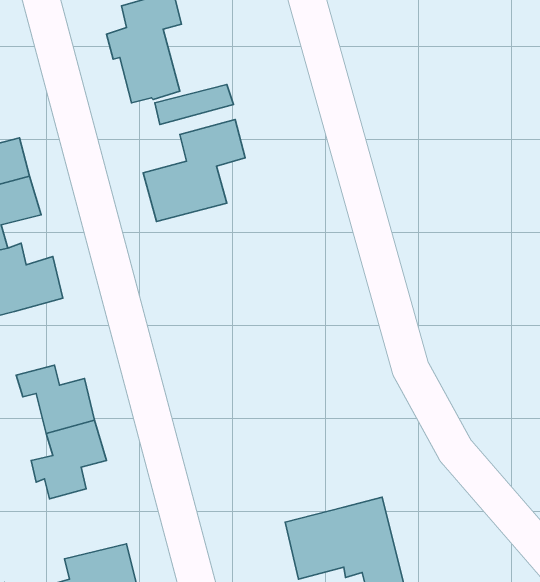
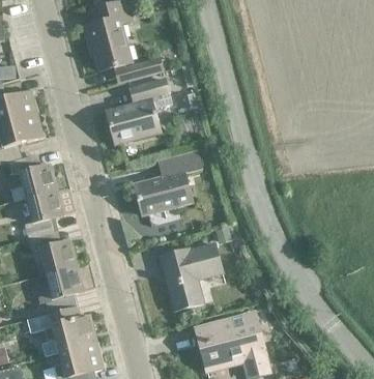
building: none -> [134,152,200,213]
building: none -> [25,190,64,237]
building: none -> [160,244,222,310]
building: none -> [26,307,96,351]

